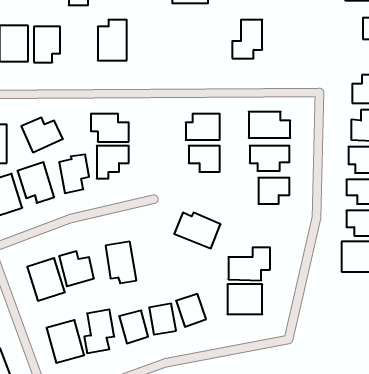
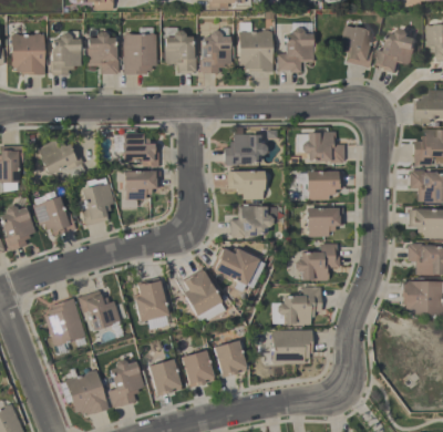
building: none -> [239,22,272,71]
building: none -> [341,25,375,68]
building: none -> [375,28,418,71]
building: none -> [165,29,196,72]
building: none -> [89,32,119,74]
building: none -> [203,33,230,73]
building: none -> [230,207,276,237]
building: none -> [298,244,339,280]
building: none -> [179,269,223,322]

